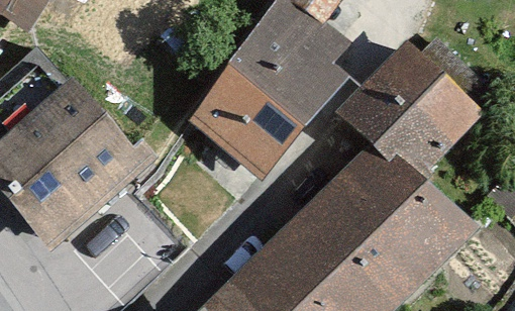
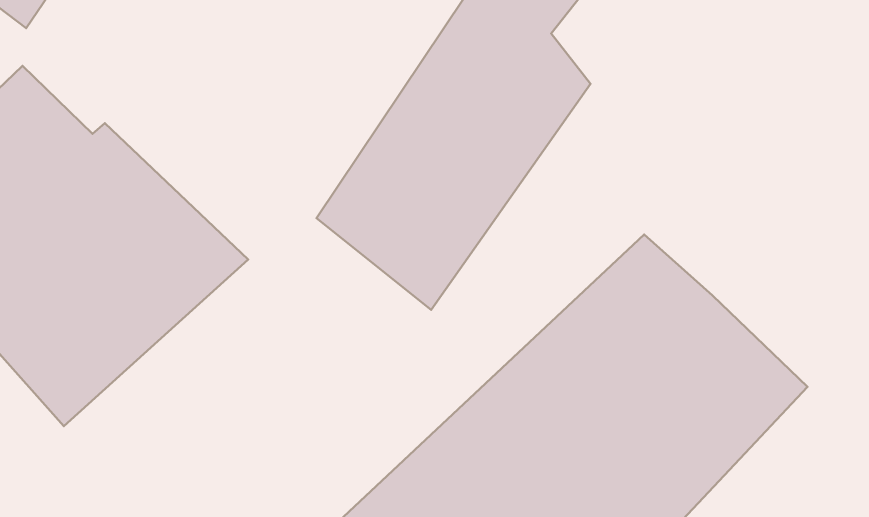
building: [349,50,476,177] -> none

